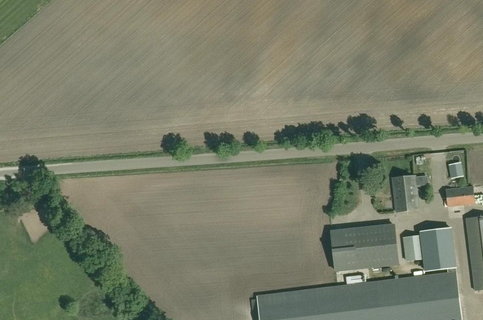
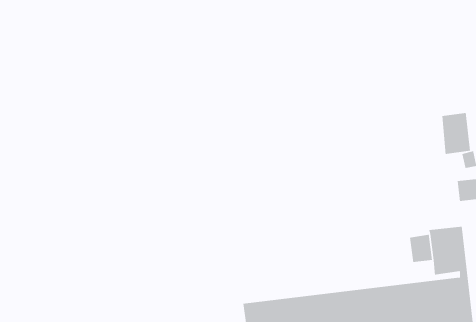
building: [392,175,418,212] -> [441,112,471,154]
building: [331,224,397,271] -> none

